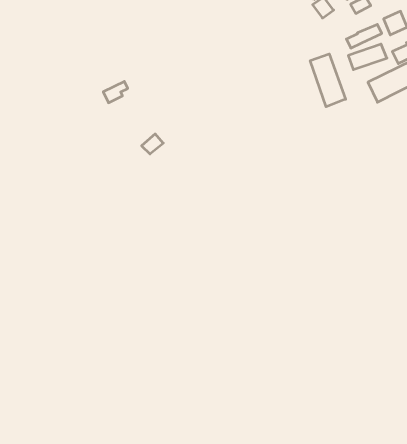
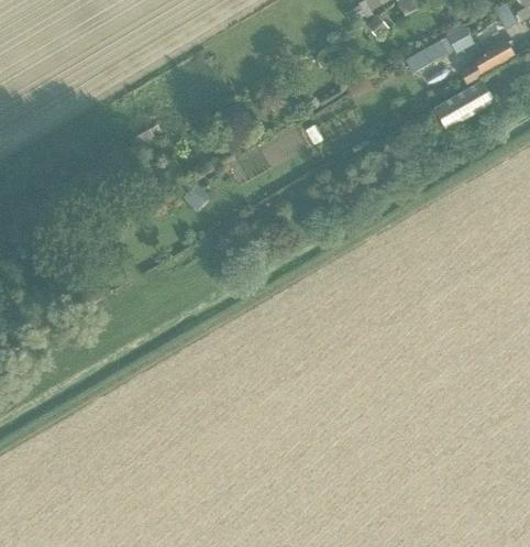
building: [310,54,346,107] -> none

